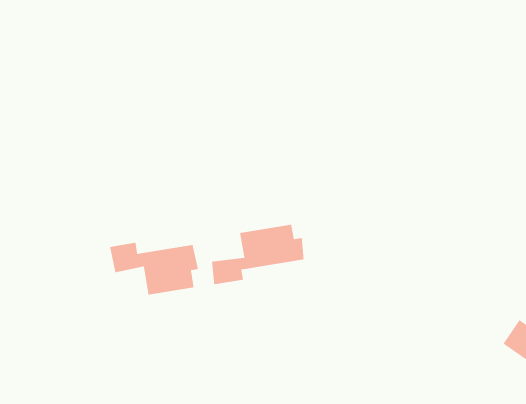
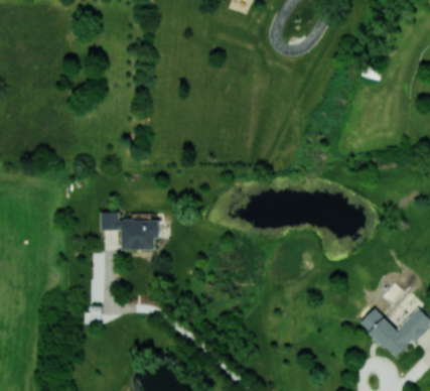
building: [211,224,304,285] -> none

